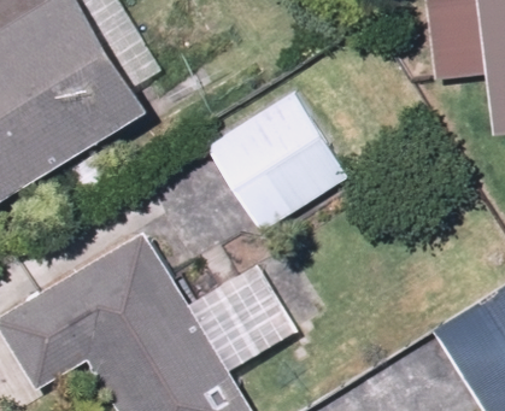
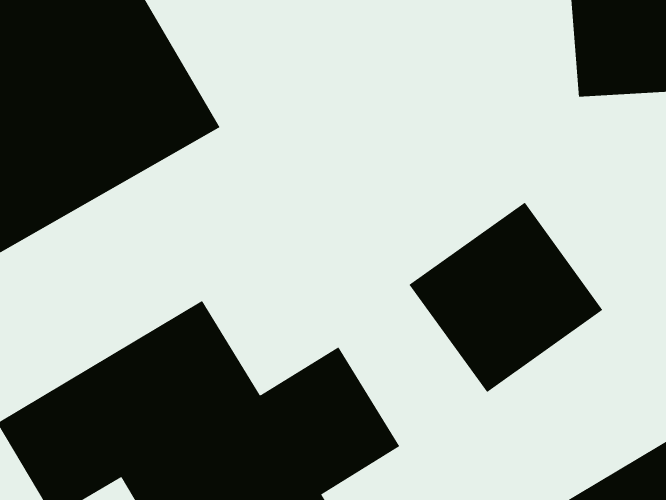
building: [204,94,345,233] -> [409,202,603,393]

